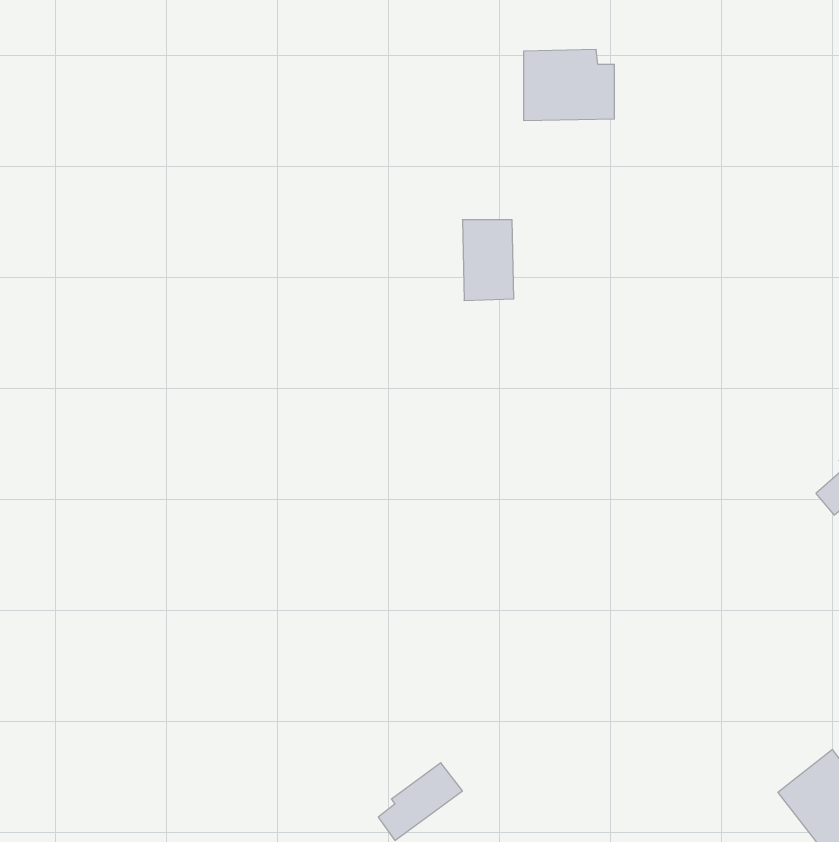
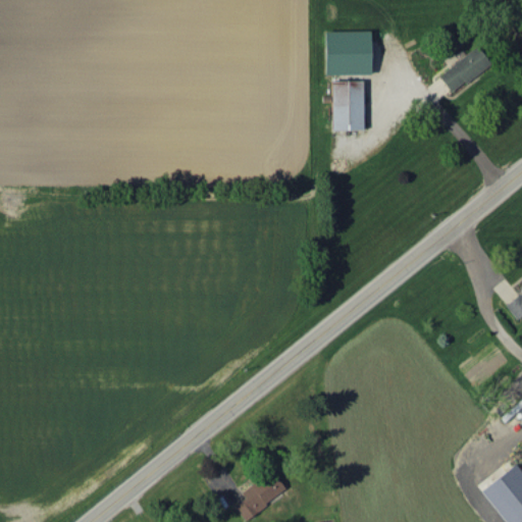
building: none -> [439,48,490,94]
building: [462,220,514,301] -> [333,81,365,130]

